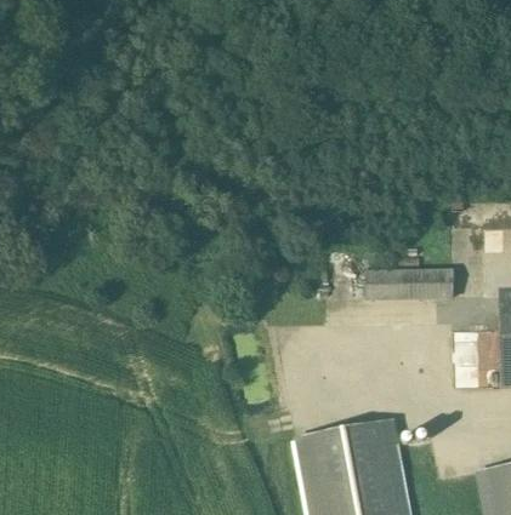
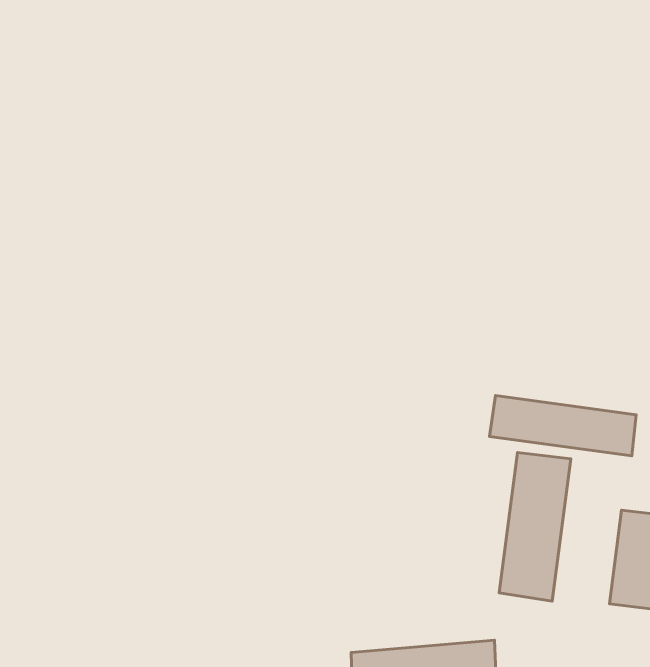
building: none -> [499,453,571,601]

